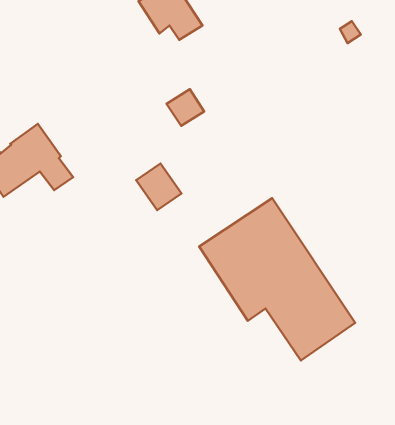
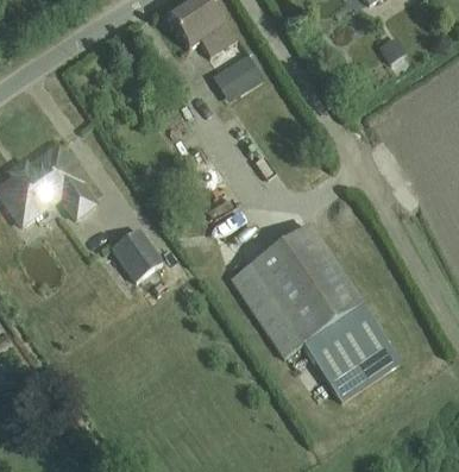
building: [167,89,204,126] -> [220,55,260,94]
building: [136,164,182,210] -> [112,227,161,277]

